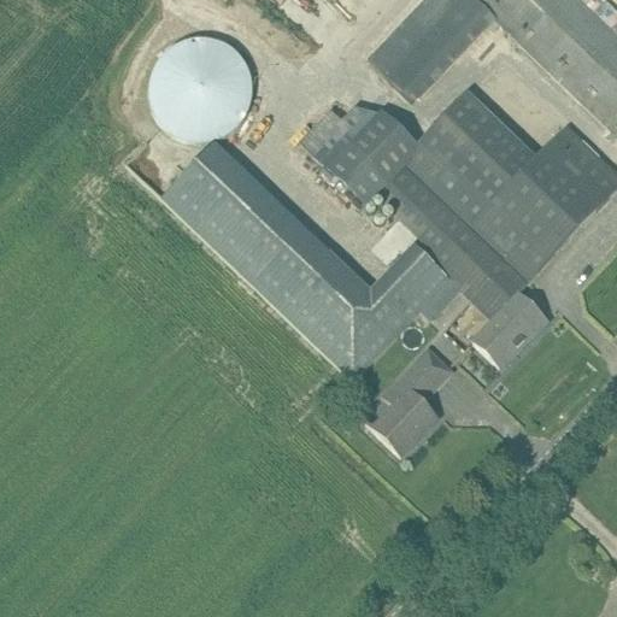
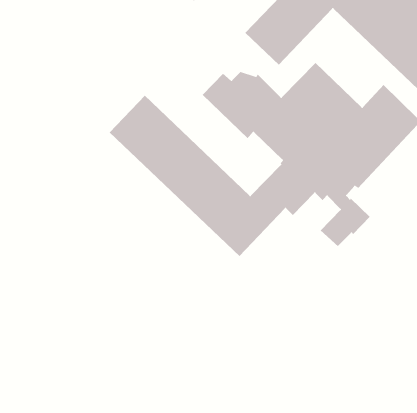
building: [164,37,249,135] -> none
building: [372,347,452,454] -> none

